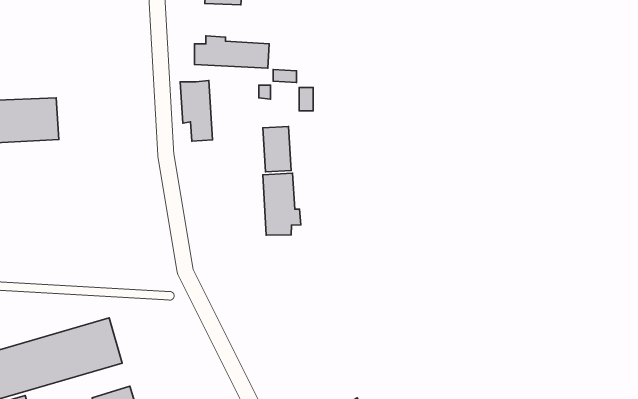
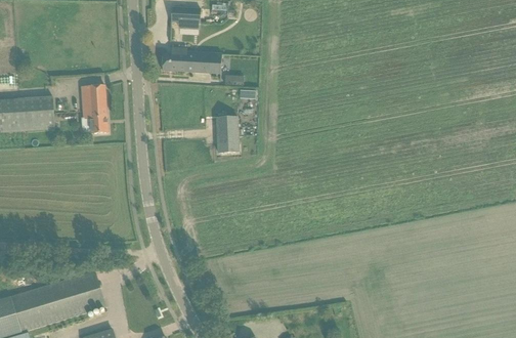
building: [180,80,213,141] -> [80,85,105,133]
building: [263,173,301,235] -> none

